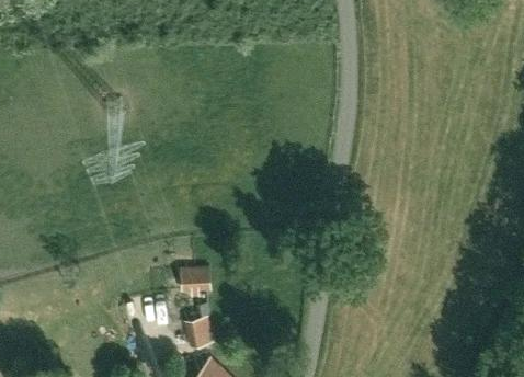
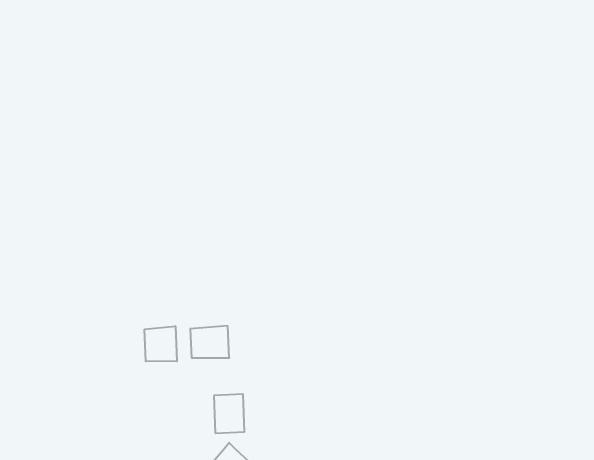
building: none -> [145,326,177,361]

